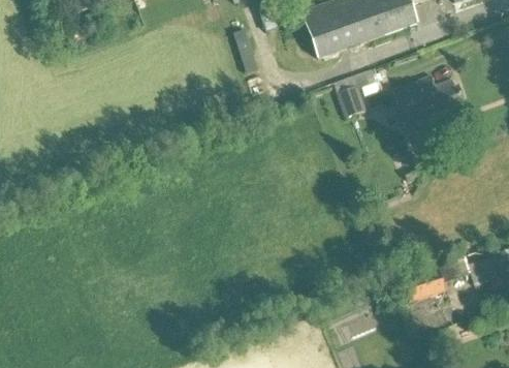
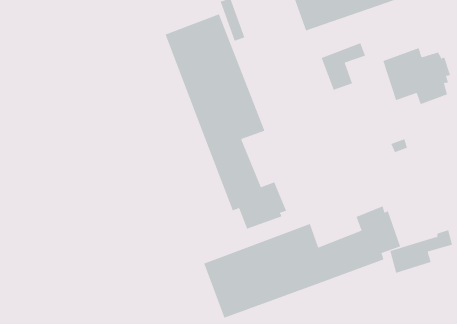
building: none -> [165,13,287,230]
building: none -> [204,205,401,319]

